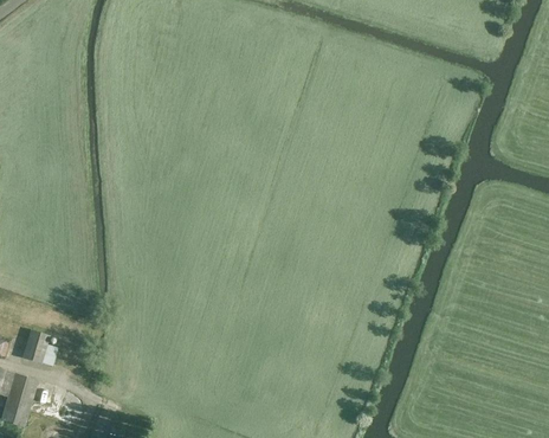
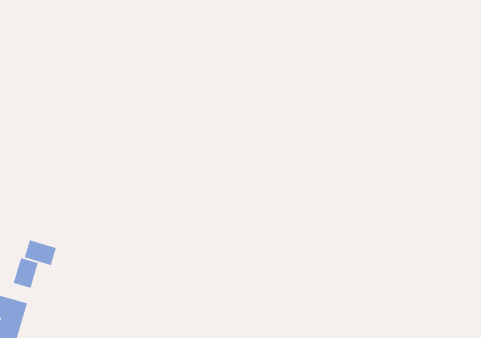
building: none -> [24,239,56,266]

